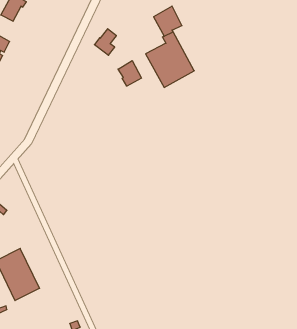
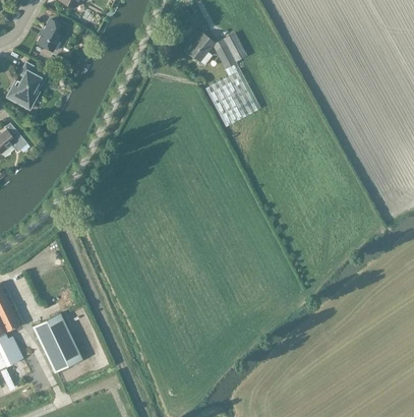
building: [94,29,116,55] -> [188,34,214,64]
building: [118,61,141,86] -> none

